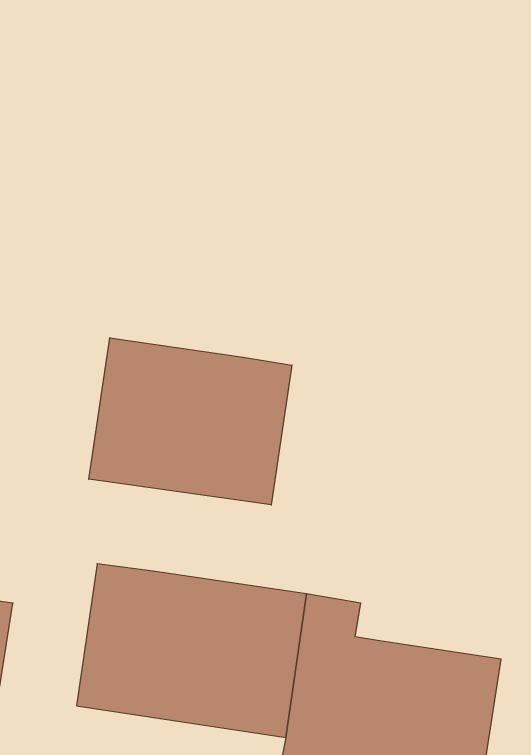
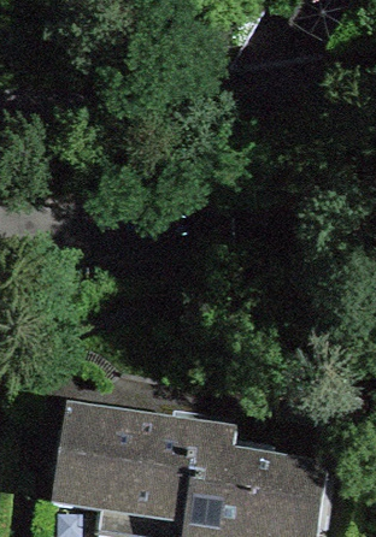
building: [89,338,292,505] -> none

